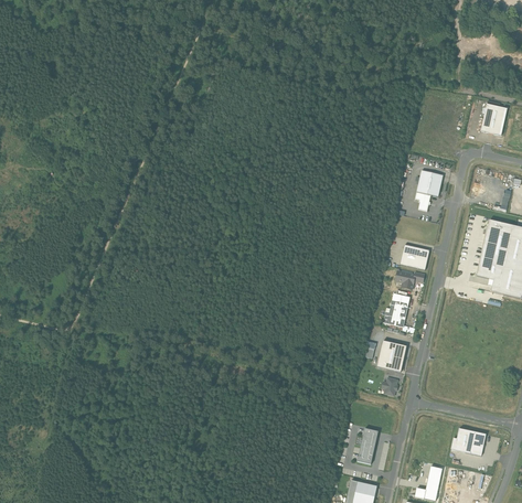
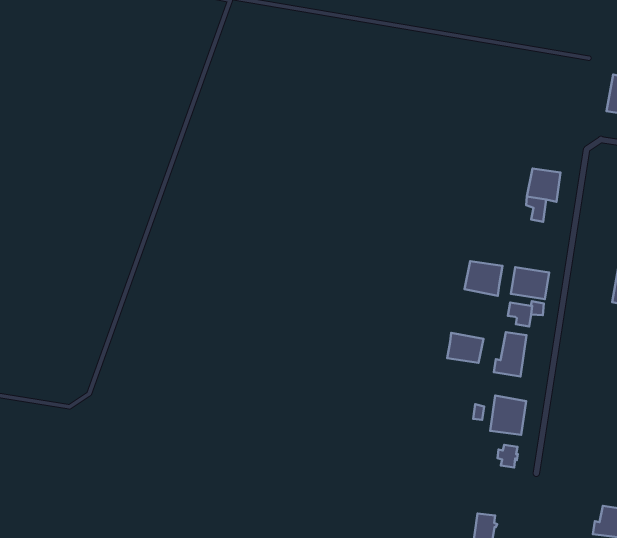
building: none -> [465,261,502,296]
building: none -> [447,333,483,363]

